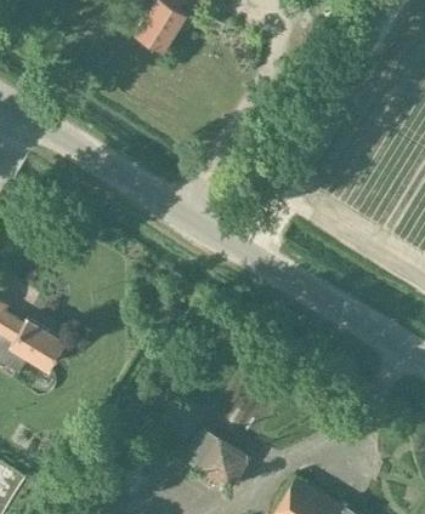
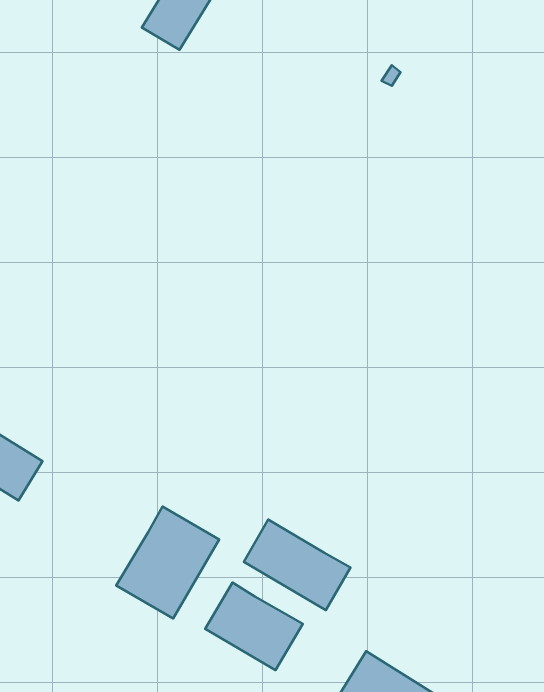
building: none -> [116,506,219,618]
building: none -> [244,519,350,610]

